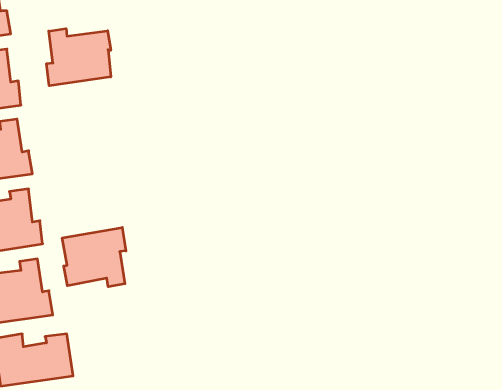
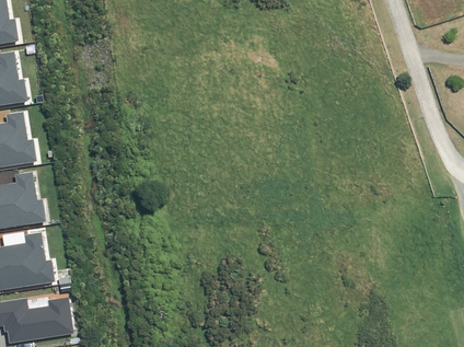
building: [47,29,111,86] -> none
building: [62,227,126,287] -> none

